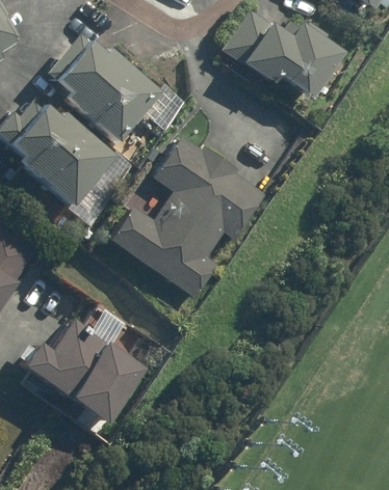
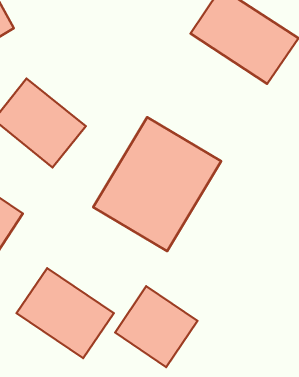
building: [43,28,159,142] -> none
building: none -> [115,286,197,367]

